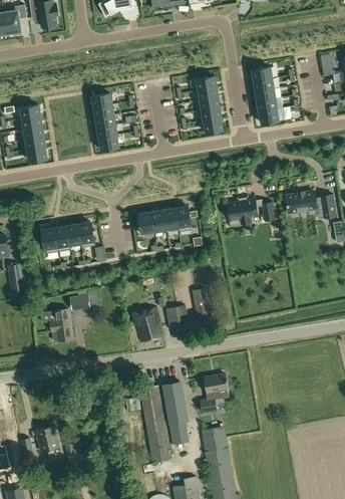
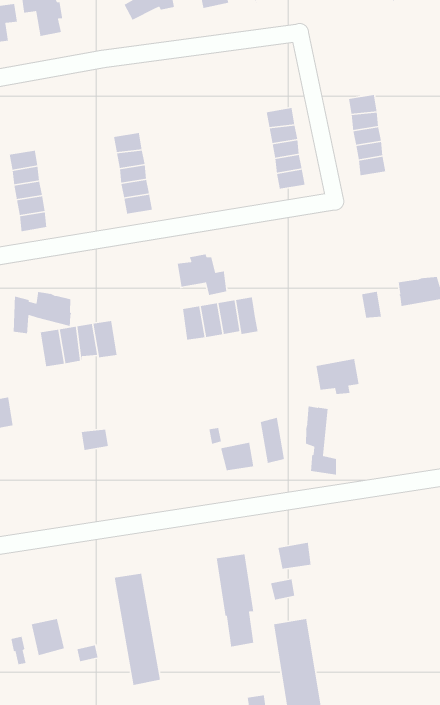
building: none -> [177,254,227,296]
building: [227,198,257,223] -> [315,358,359,395]
building: none -> [13,291,72,334]
building: none -> [304,406,337,476]
building: [131,306,162,341] -> none
building: [50,307,72,340] -> none
building: [138,385,170,462] -> [114,573,161,686]

